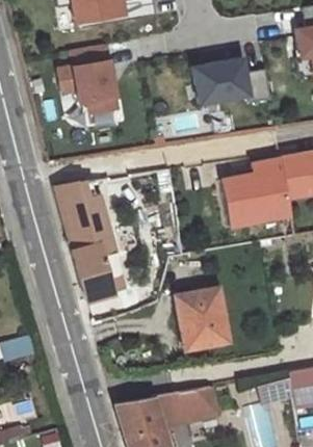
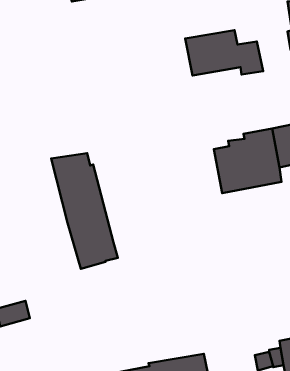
building: [59,45,118,113] -> none
building: [176,288,230,347] -> none

